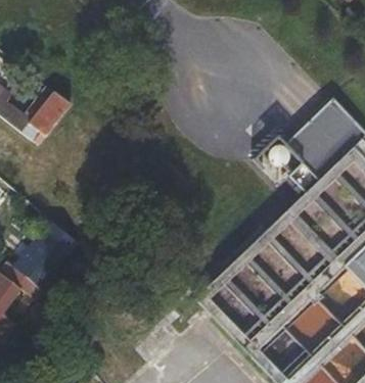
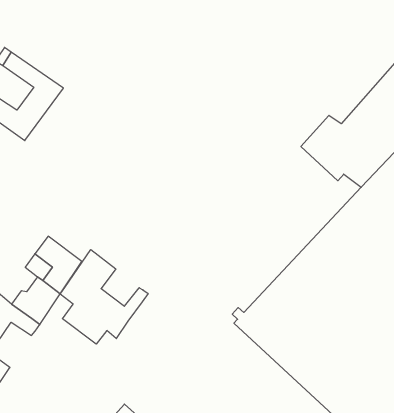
building: none -> [60,250,148,344]

